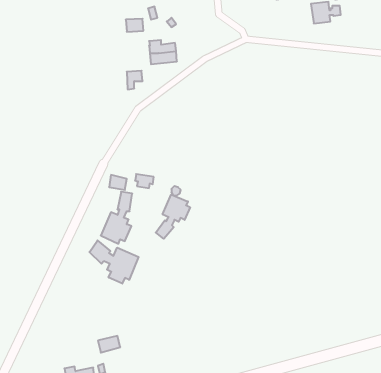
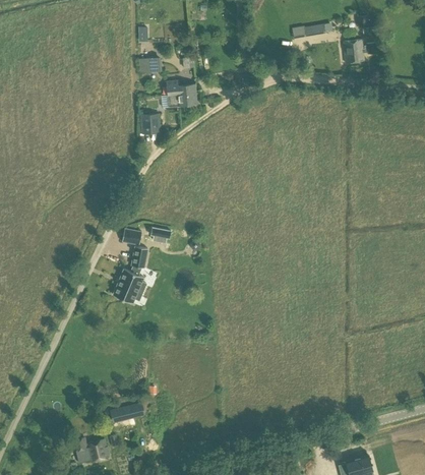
building: [156,195,190,239] -> none
building: [89,240,139,284] -> none

